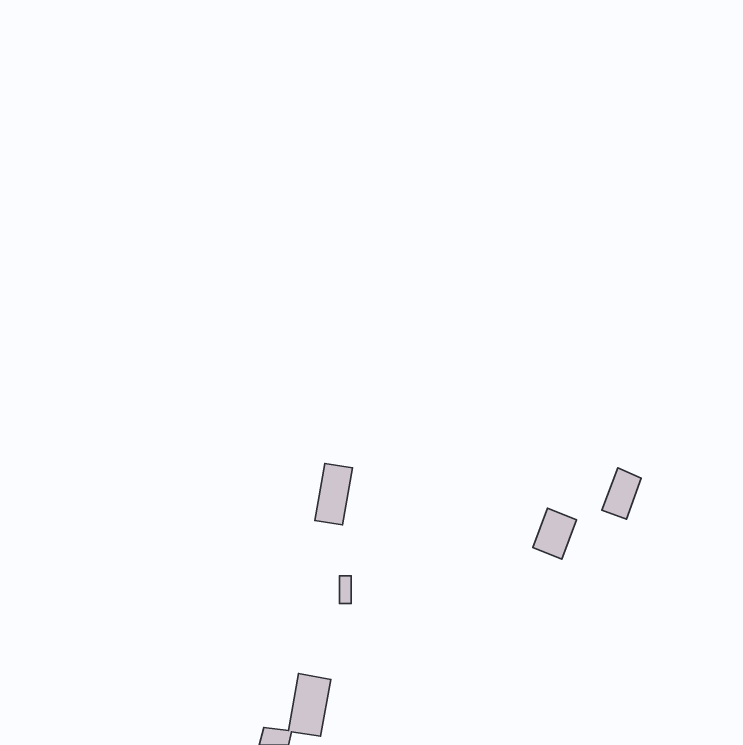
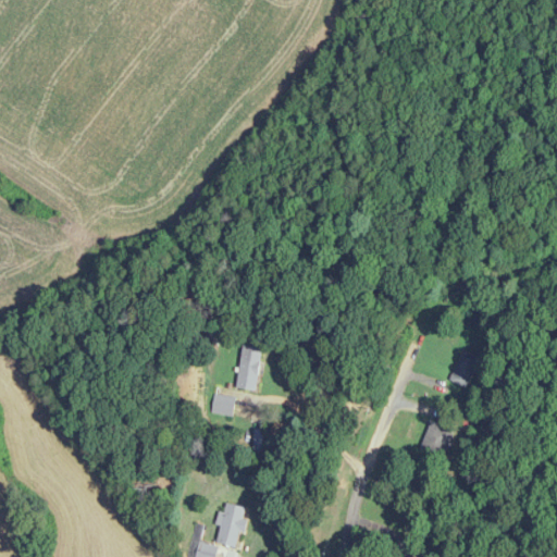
building: [533,508,576,559] -> [420,420,453,458]
building: none -> [211,394,235,417]

